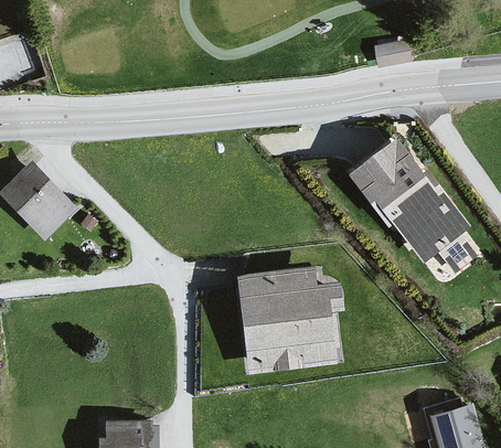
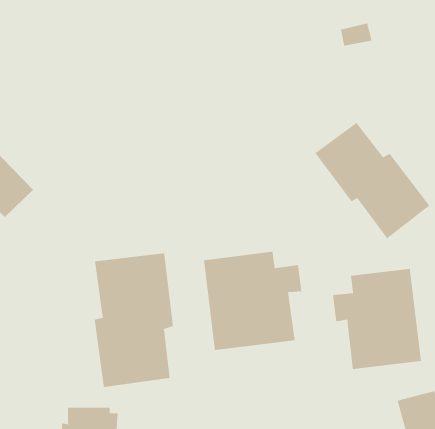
building: none -> [94,253,173,388]
building: none -> [332,268,422,370]

